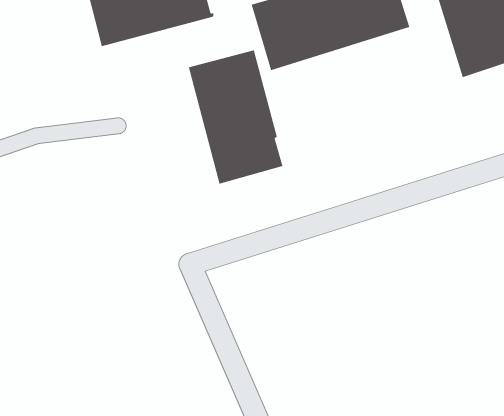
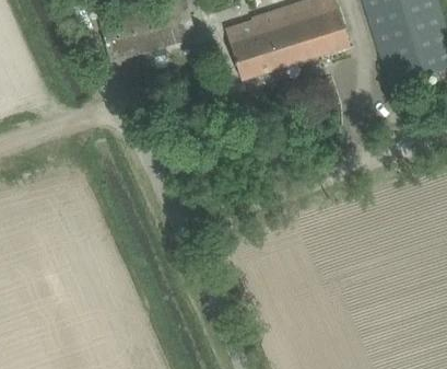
building: [188,49,283,184] -> none

